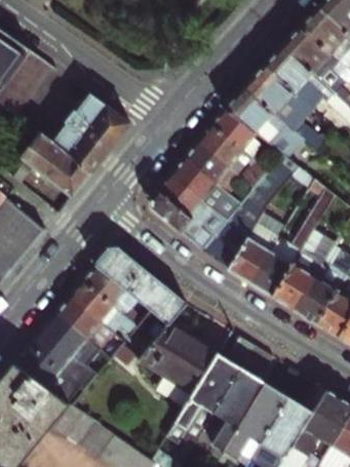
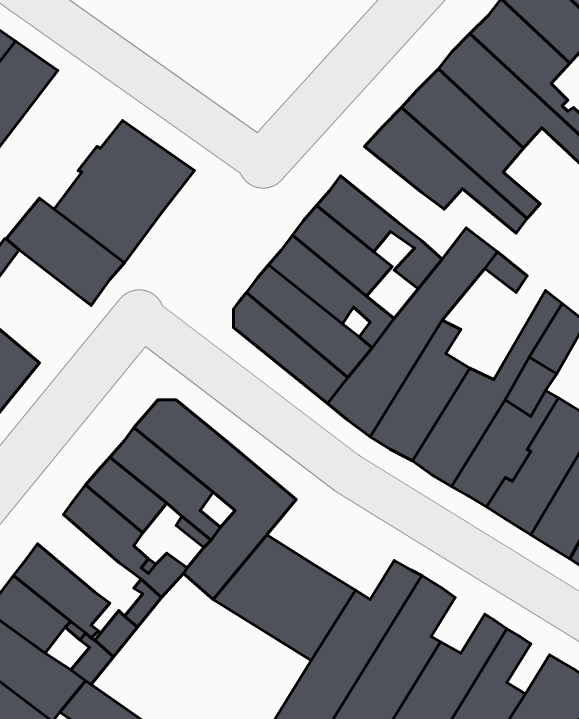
building: [210,109,256,151] -> none
building: [42,313,87,356] -> none

